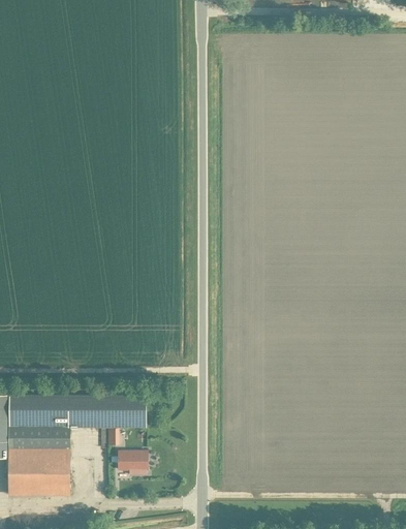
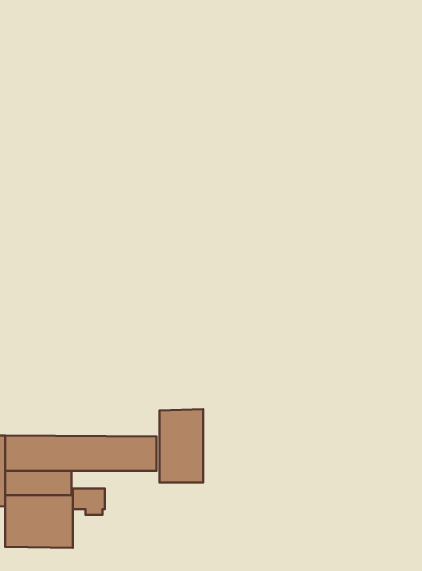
building: none -> [160,409,203,482]
building: [118,453,147,476] -> [73,488,105,515]

